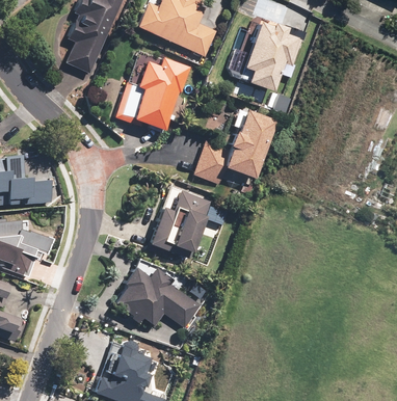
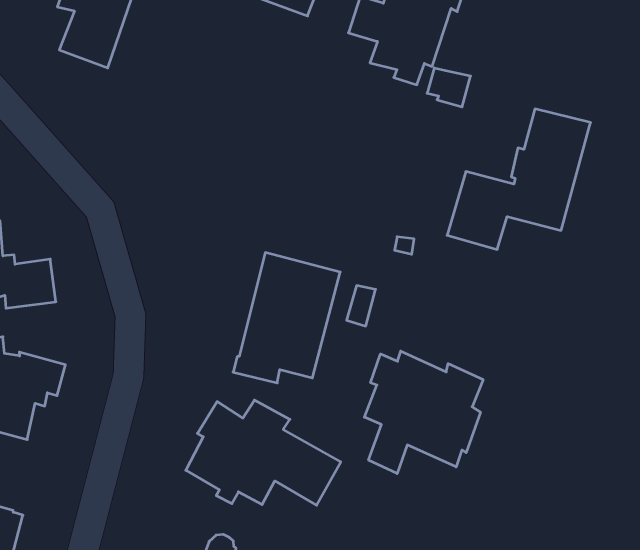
building: [115,56,190,130] -> none
building: [192,109,277,185] -> [447,109,591,249]
building: none -> [364,351,483,474]

